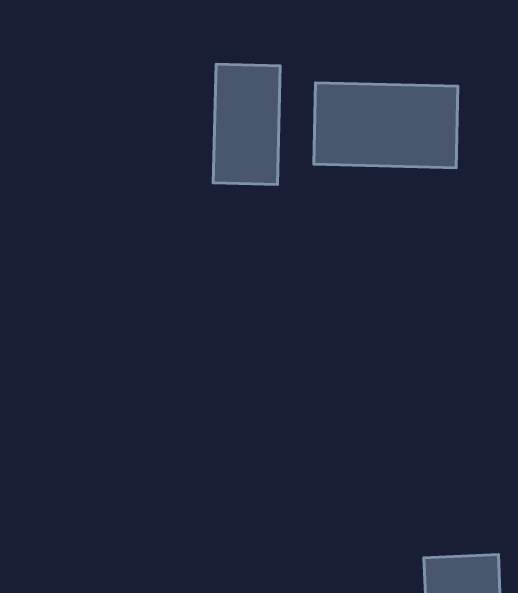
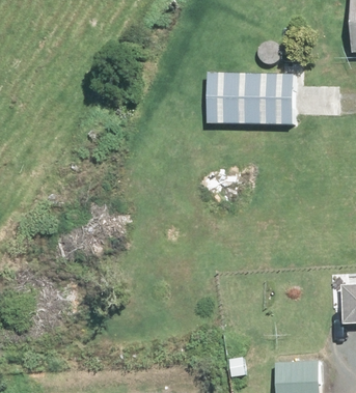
building: [213,64,280,184] -> none

